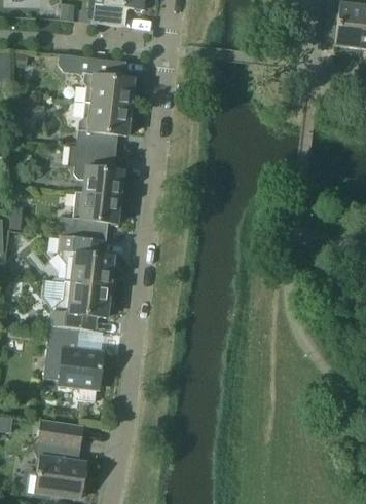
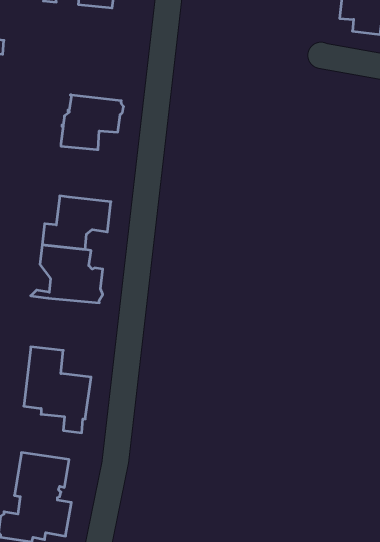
building: [58,54,134,108] -> none
building: [67,146,123,197] -> none
building: [49,282,112,331] -> none

